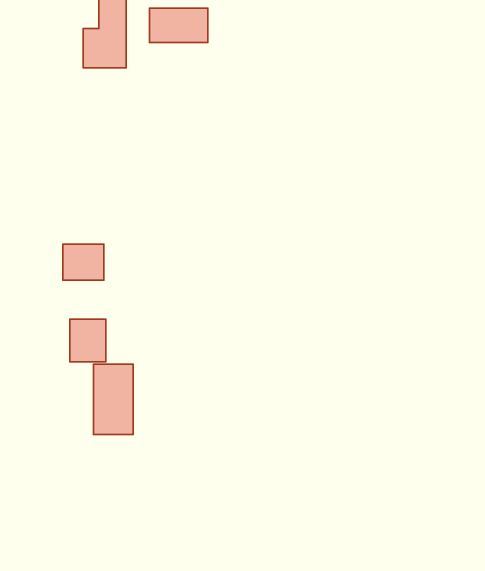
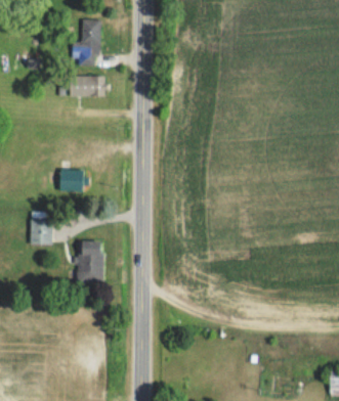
building: [150,8,208,42] -> [71,75,105,95]
building: [70,319,106,362] -> [31,219,52,244]

